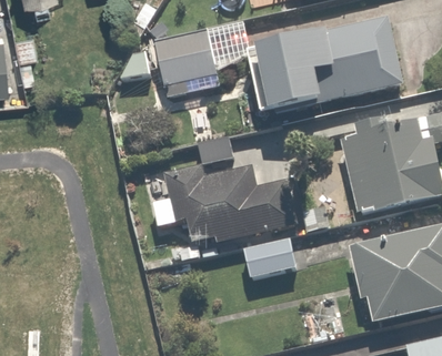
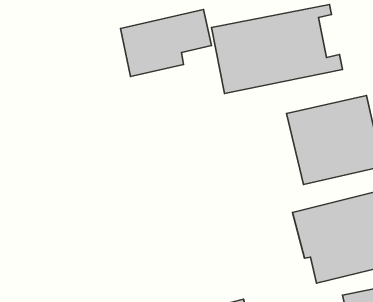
building: [151,156,298,248] -> none
building: [239,231,295,282] -> none

